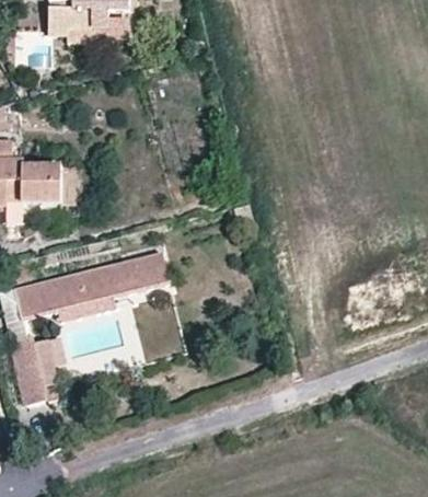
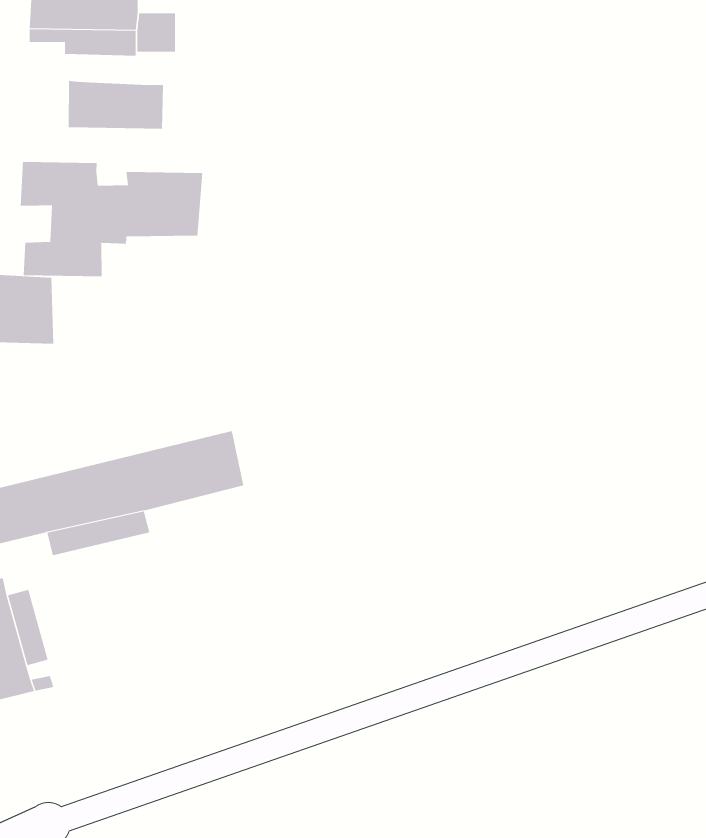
building: none -> [68,80,163,129]
building: none -> [20,161,203,277]

